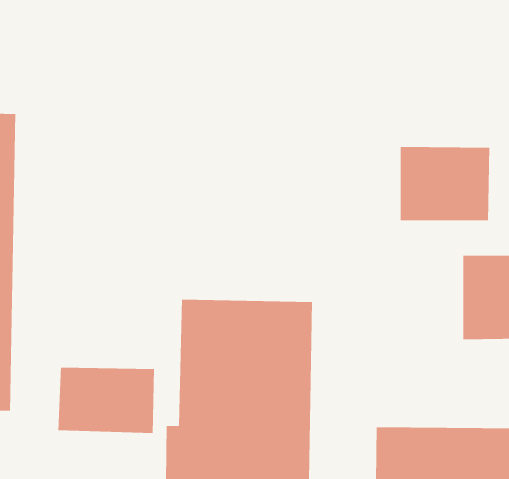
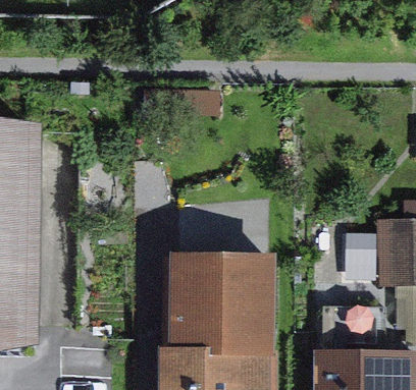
building: [400,146,490,221] -> none
building: [58,367,155,434] -> none

